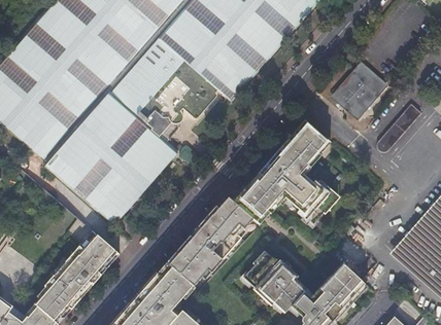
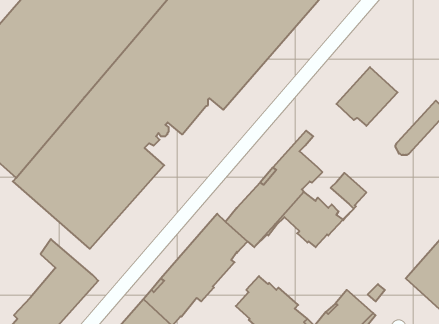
building: [300,125,332,168] -> [331,173,366,220]

